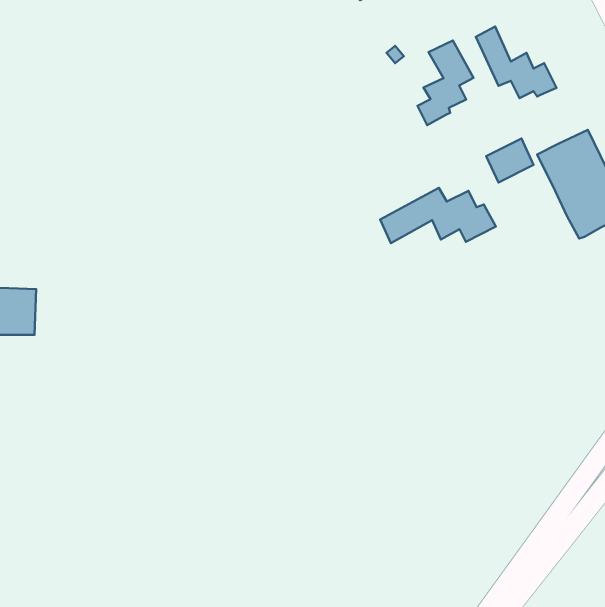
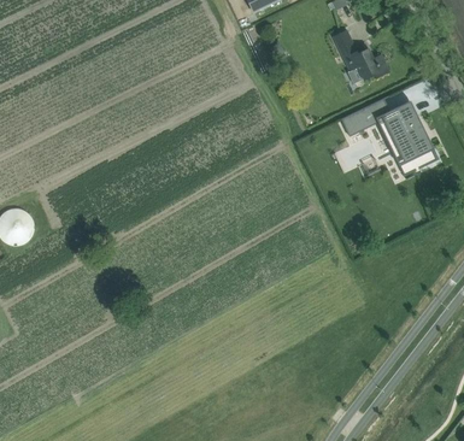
building: [417,41,474,125] -> none
building: [380,188,496,243] -> none

